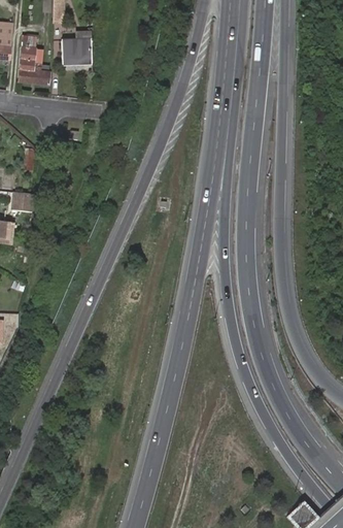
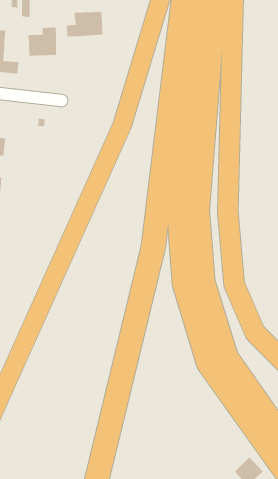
building: none -> [67,11,103,37]

